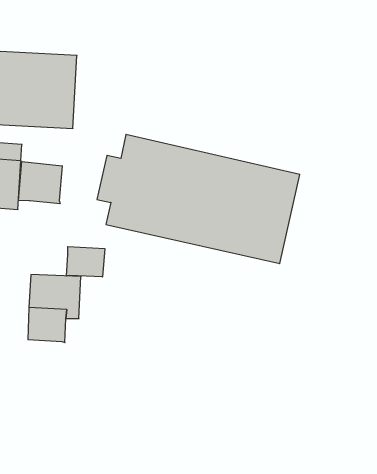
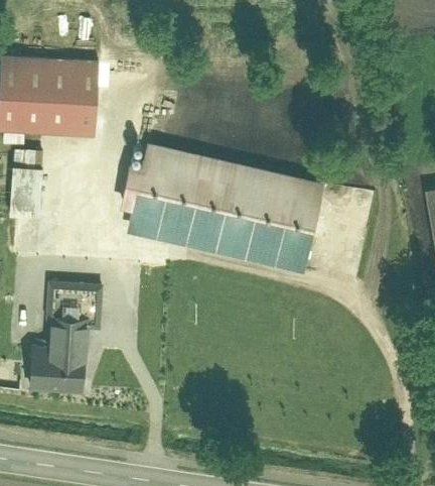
building: [18,162,62,204] -> none
building: [66,247,105,277] -> none
building: none -> [29,348,84,392]

